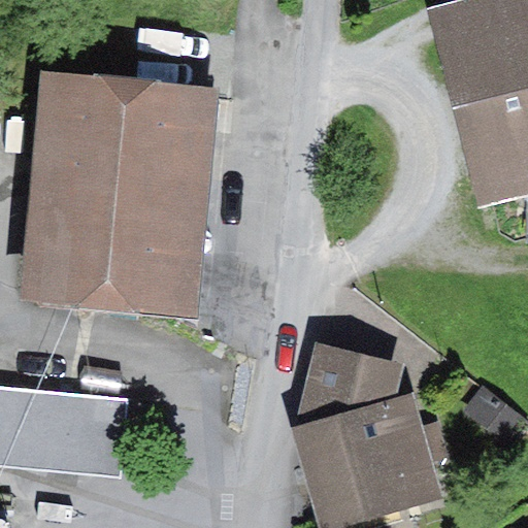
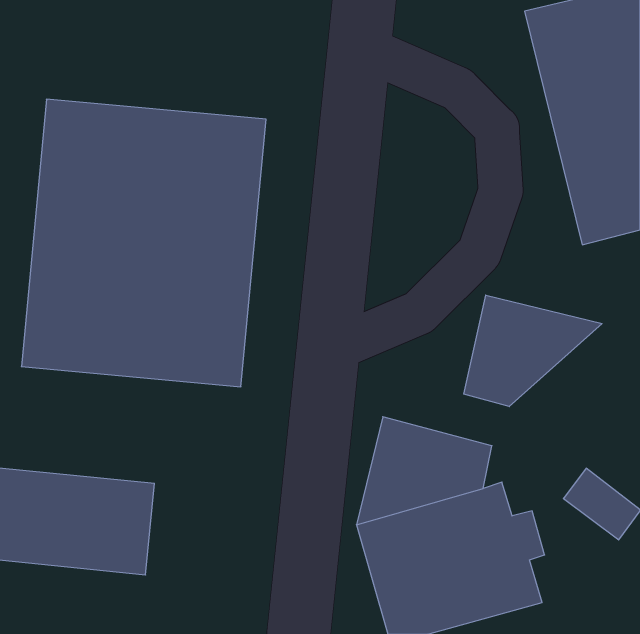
building: none -> [464,295,602,407]

